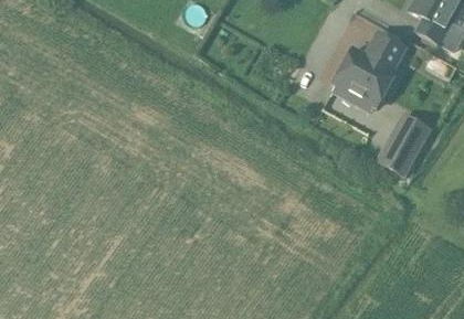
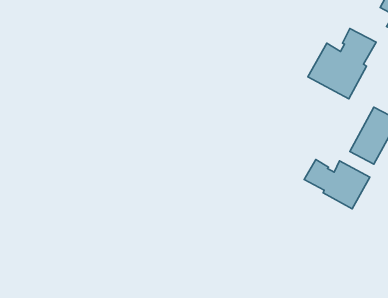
building: none -> [304,160,370,209]

